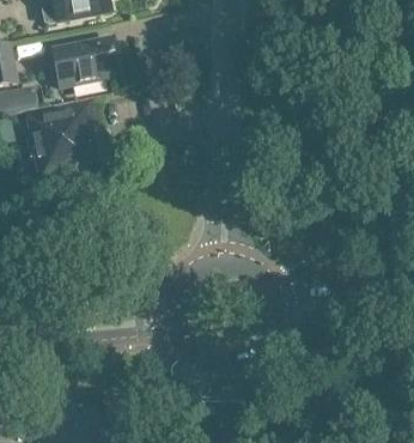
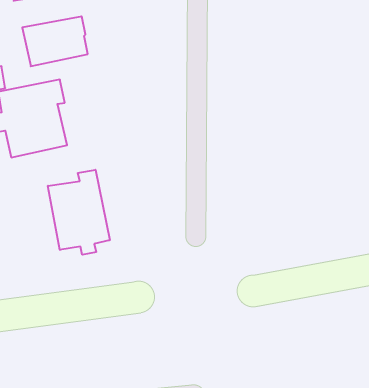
building: none -> [48,170,110,255]

